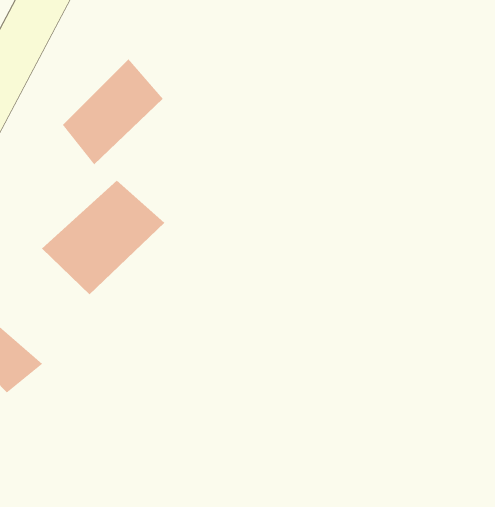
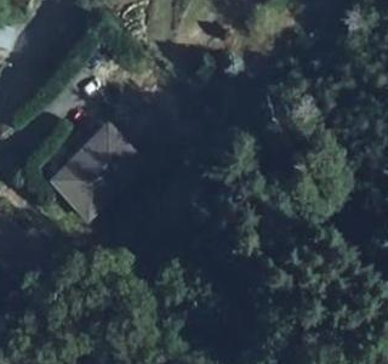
building: [62,58,163,165] -> none

